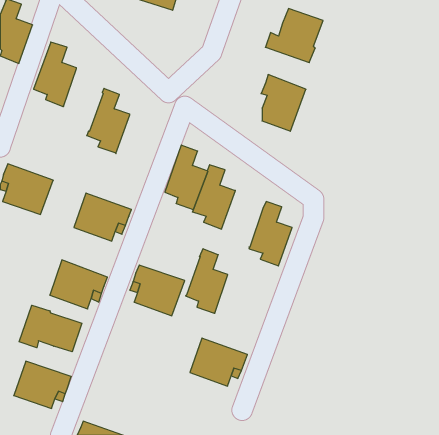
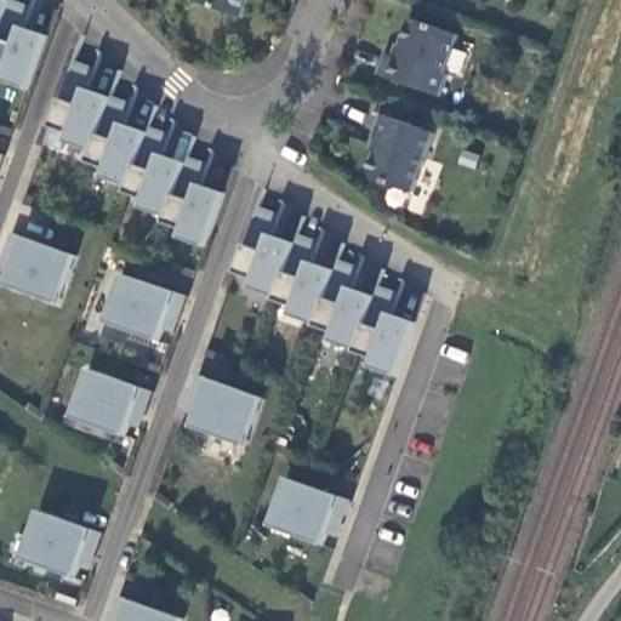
building: none -> [85,95,146,186]
building: none -> [161,155,222,246]
building: [186,249,228,313] -> [312,258,371,349]
building: [19,305,82,352] -> none

